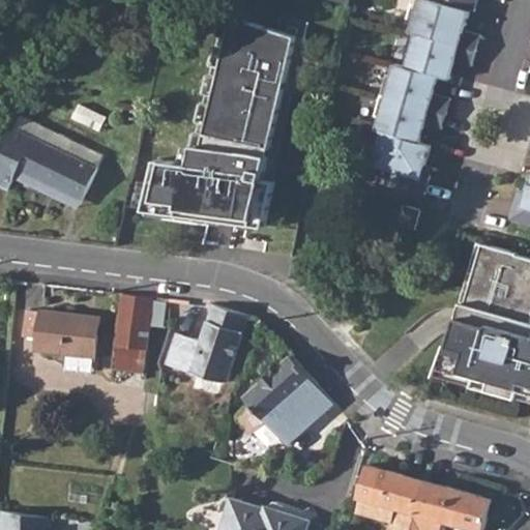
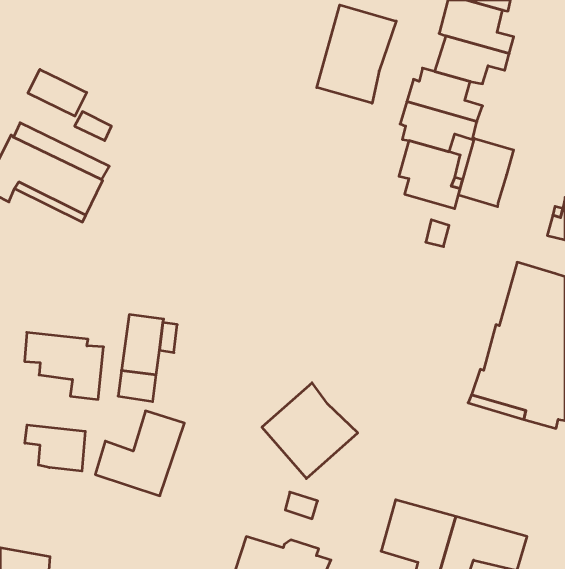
building: none -> [317,5,396,103]
building: [140,12,294,226] -> none
building: none -> [28,69,87,116]
building: none -> [458,138,514,207]
building: [164,304,246,383] -> [95,411,184,496]
building: none -> [25,425,85,471]

